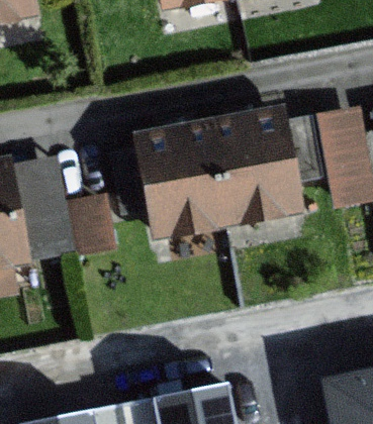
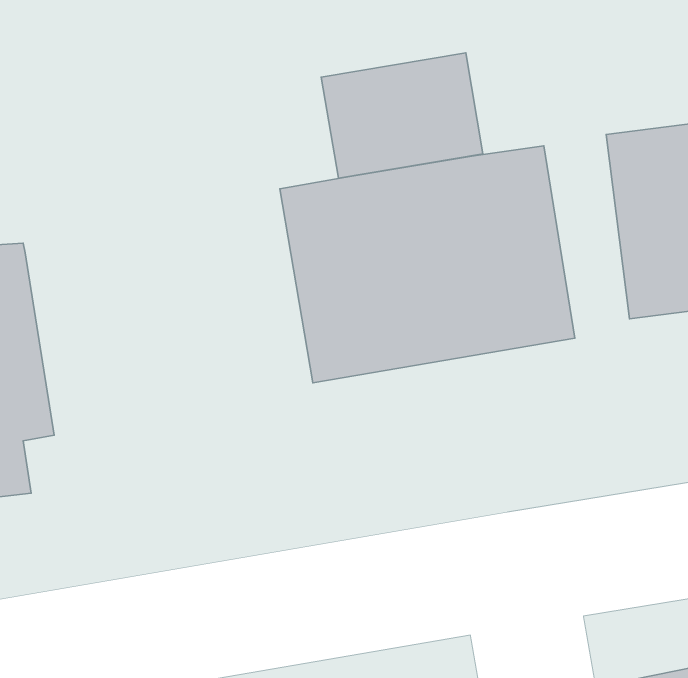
building: none -> [321,53,483,178]
building: [14,156,77,258] -> none

